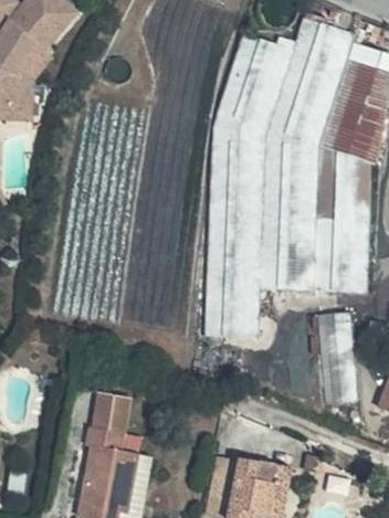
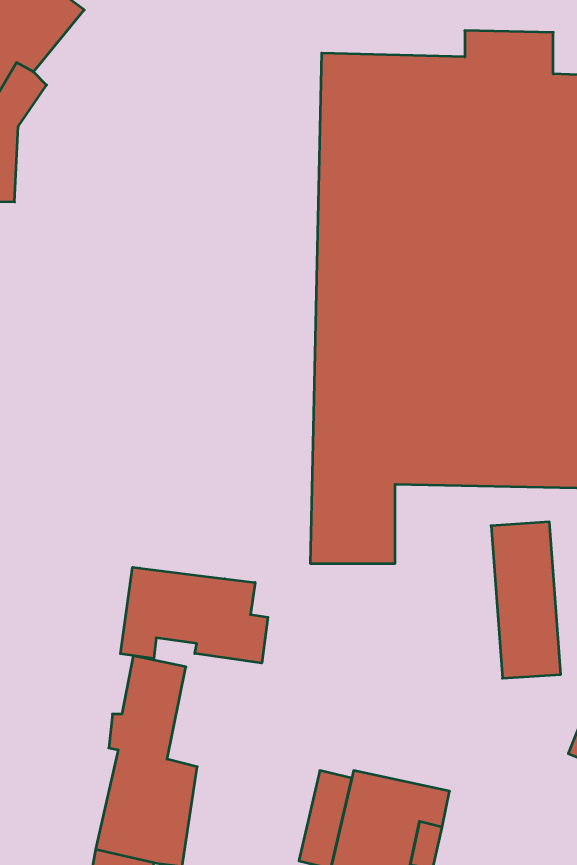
building: none -> [120,567,268,663]

